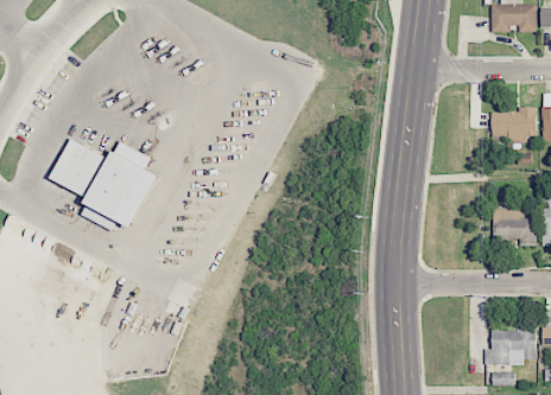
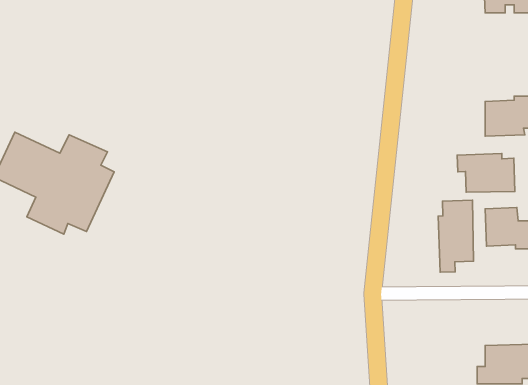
building: none -> [457,154,515,192]
building: none -> [438,200,473,272]

